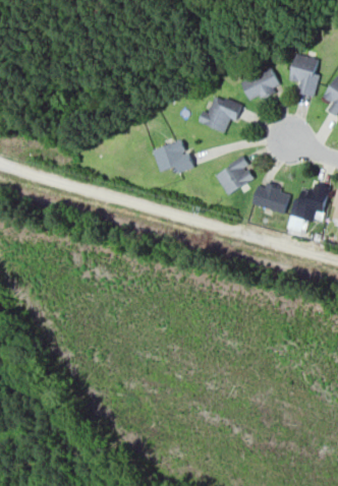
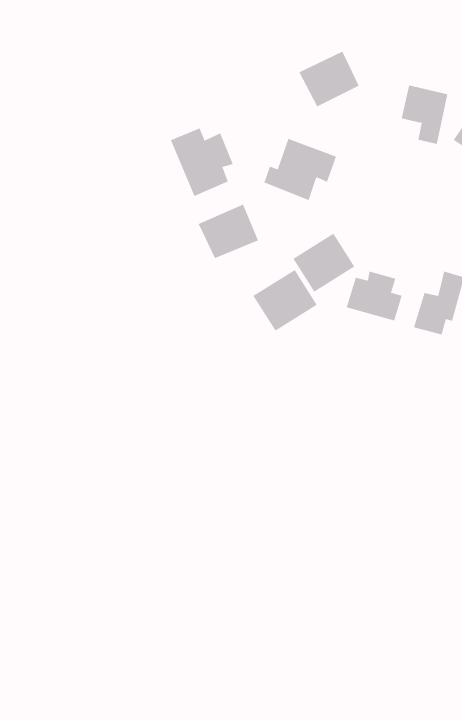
building: [237,64,278,102] -> [299,51,360,107]
building: none -> [170,127,234,197]
building: none -> [253,269,318,332]

